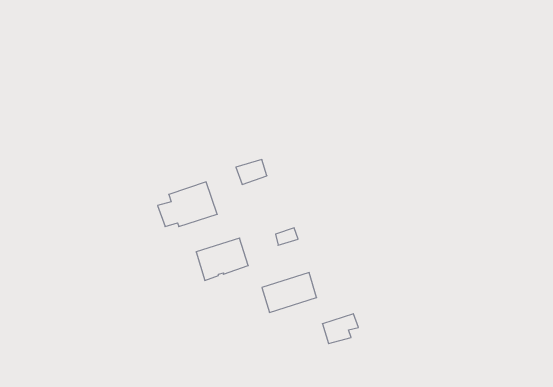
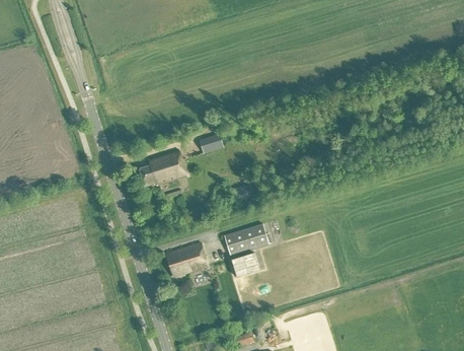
building: [196,238,248,280] -> [164,242,207,277]
building: [322,314,358,344] -> [232,251,261,275]

